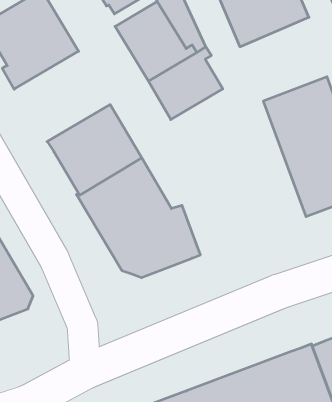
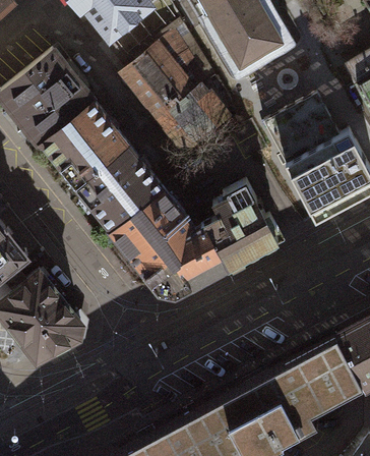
building: none -> [43,103,129,187]
building: none -> [205,184,280,273]

